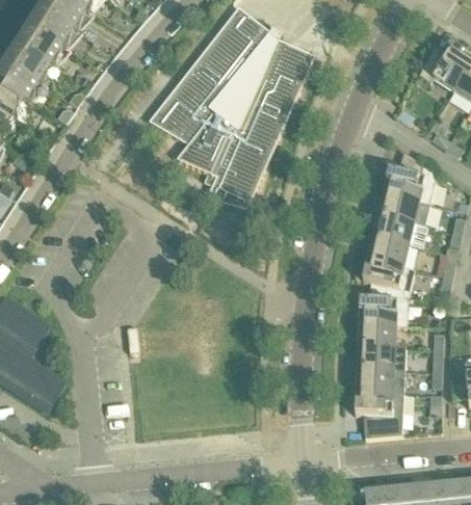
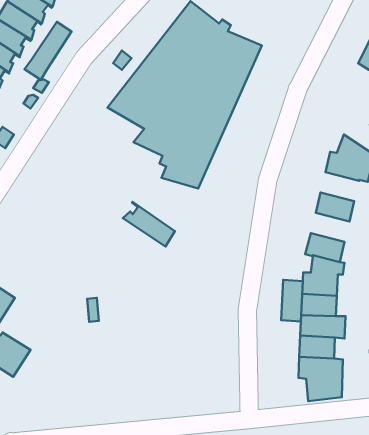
building: none -> [25,22,72,80]
building: [378,191,420,222] -> none
building: none -> [123,202,175,246]
building: [368,235,410,266] -> none
building: none -> [281,280,303,321]

